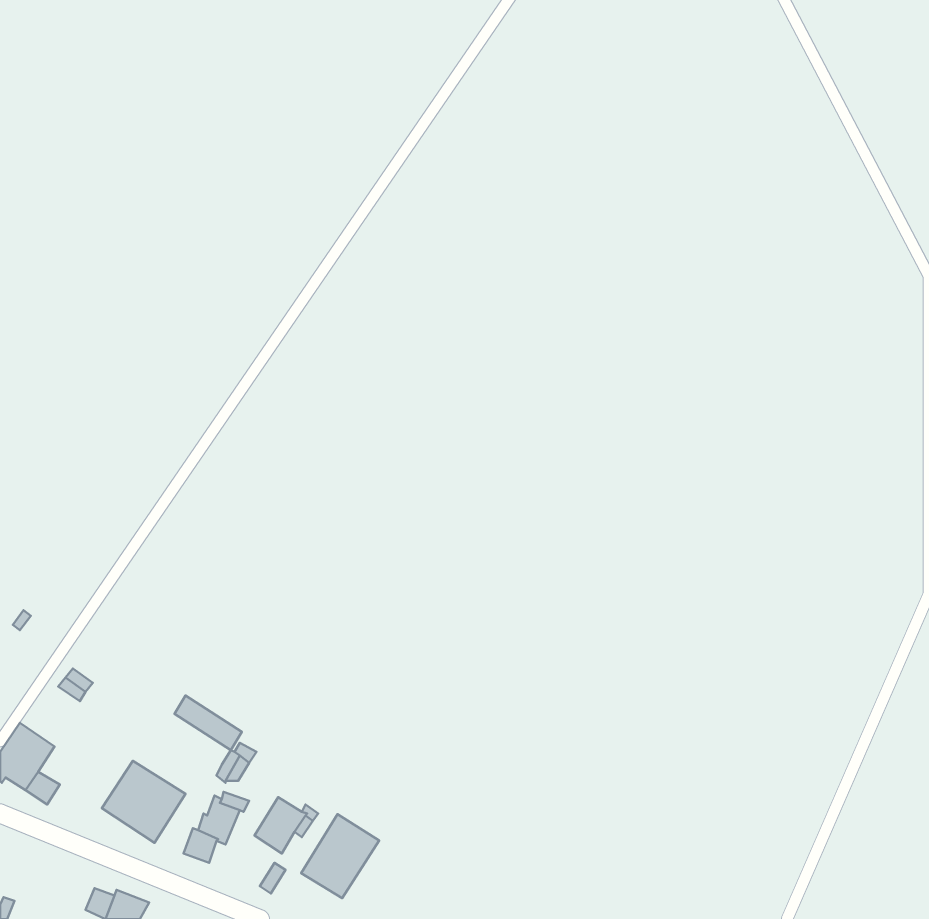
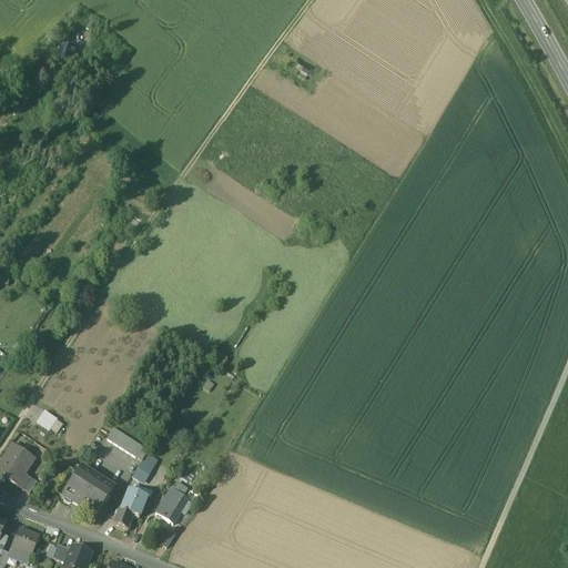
building: [301,814,379,898] -> none
building: none -> [10,526,39,555]

